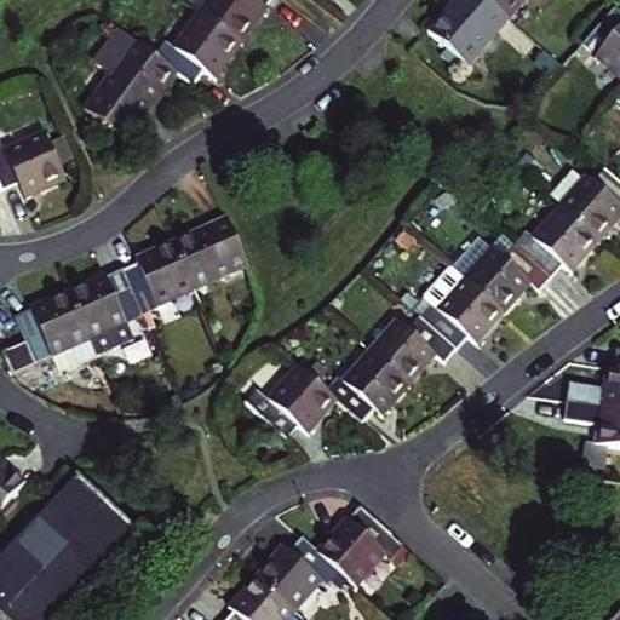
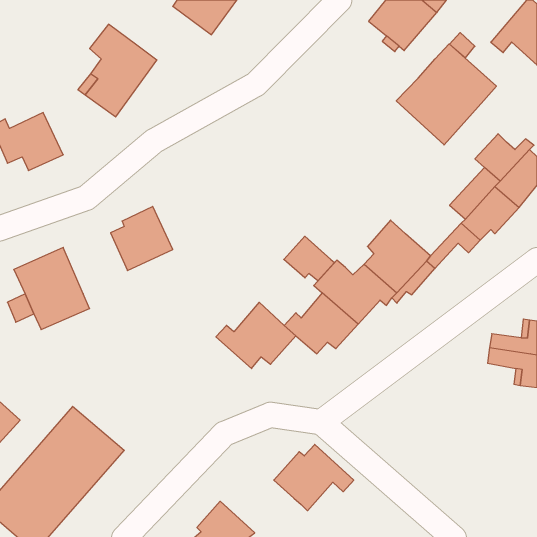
building: [157,8,243,85] -> none
building: none -> [396,44,496,145]
building: [176,209,249,288] -> none
building: [466,237,535,295] -> none
building: [73,269,147,356] -> none
building: none -> [284,236,334,281]
building: [253,540,338,614] -> none

